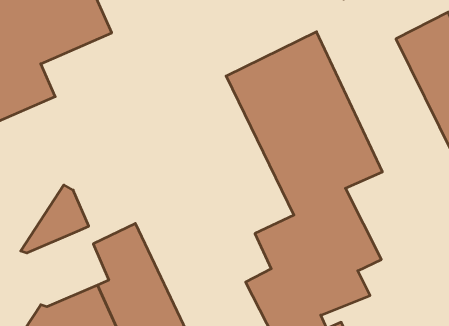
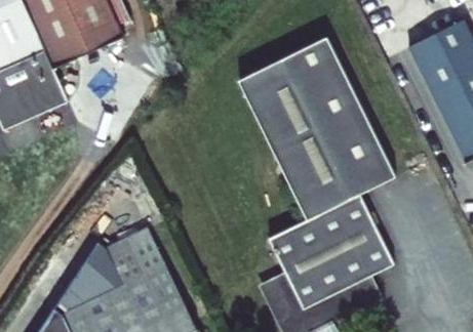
building: [21,185,89,253] -> [53,242,121,309]

